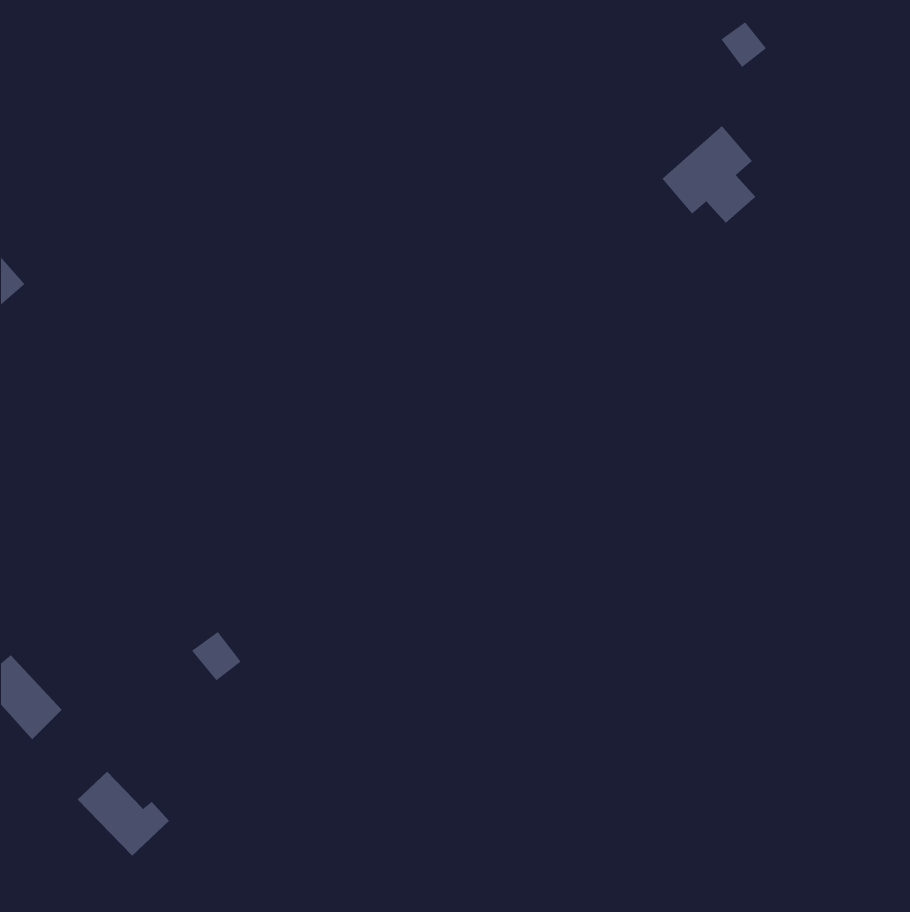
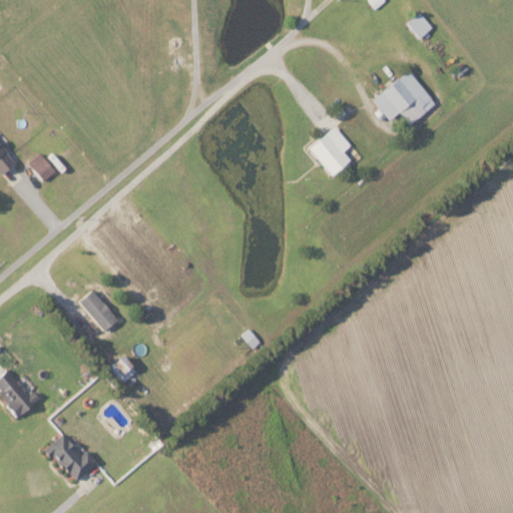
building: none -> [310,127,351,175]
building: none -> [28,152,56,180]
building: none -> [79,289,118,330]

